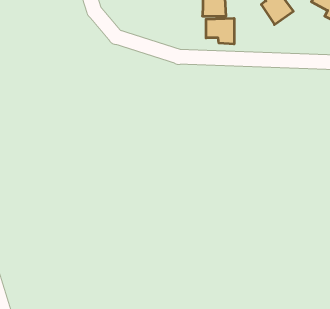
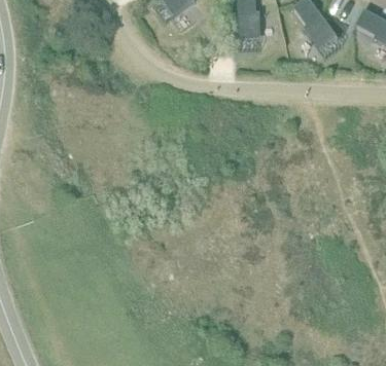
building: [206,18,234,44] -> none

